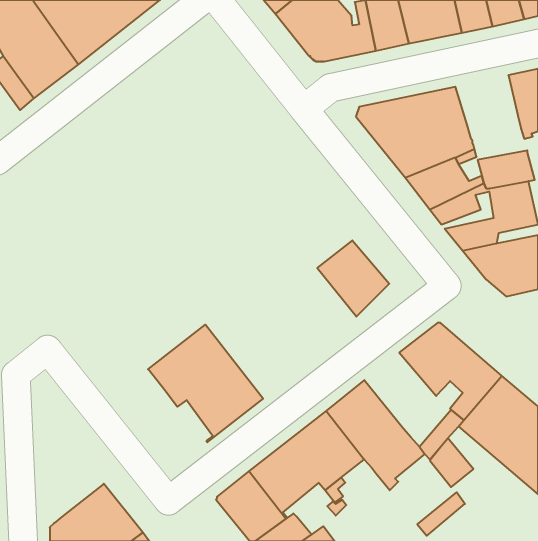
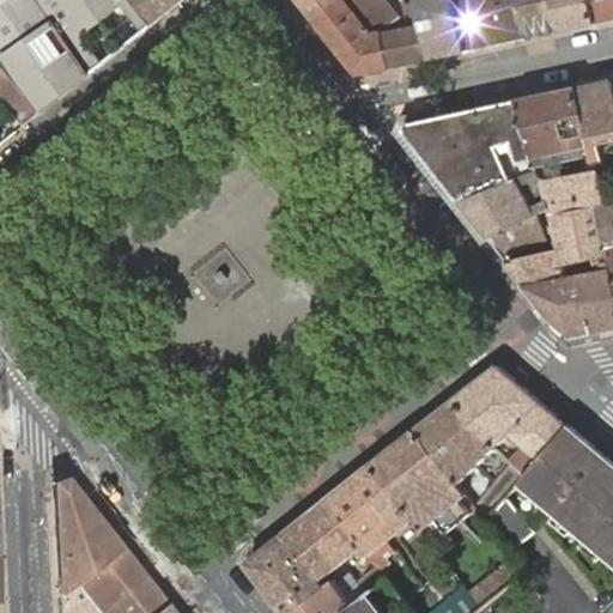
building: none -> [515,85,590,162]
building: [317,240,389,317] -> [412,399,493,485]
building: [148,325,263,442] -> none
building: none -> [51,478,117,596]

